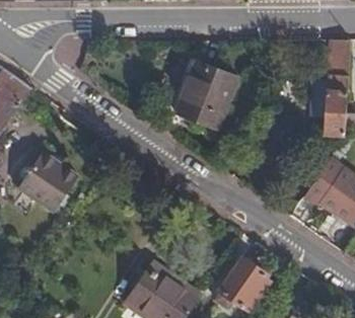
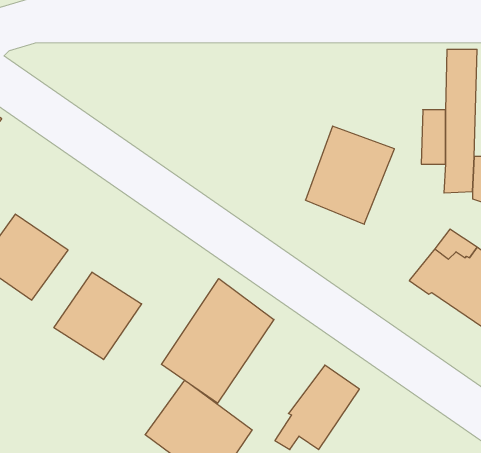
building: [179,62,238,128] -> [305,126,394,224]
building: none -> [54,272,142,360]
building: none -> [161,279,274,403]

